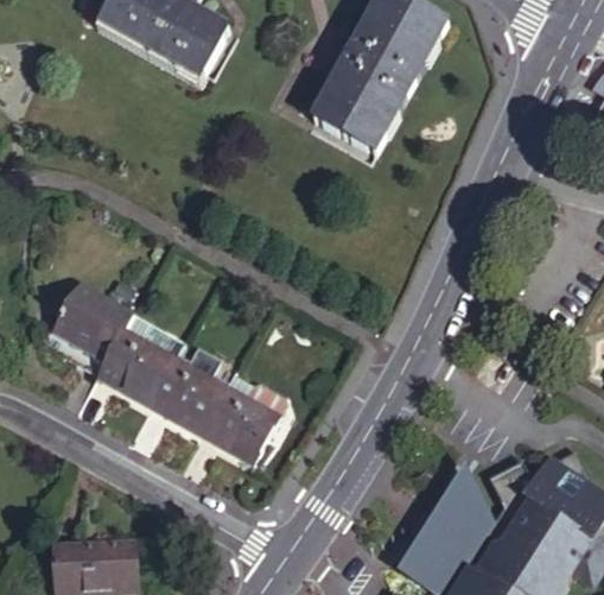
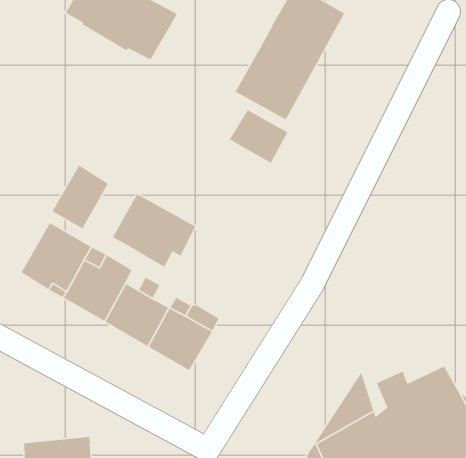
building: none -> [229,109,289,164]
building: none -> [51,165,109,229]
building: none -> [112,193,196,268]

